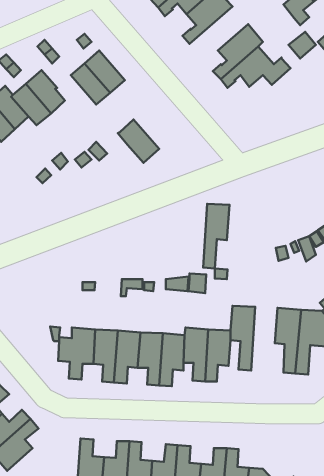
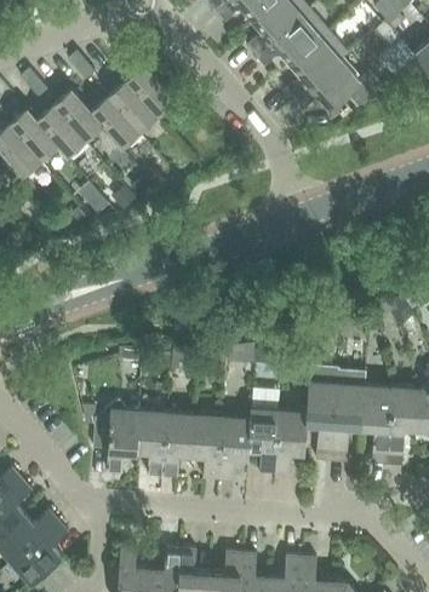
building: none -> [256,11,328,68]
building: [118,119,159,163] -> [90,96,141,149]
building: [203,204,230,269] -> [332,381,365,461]

